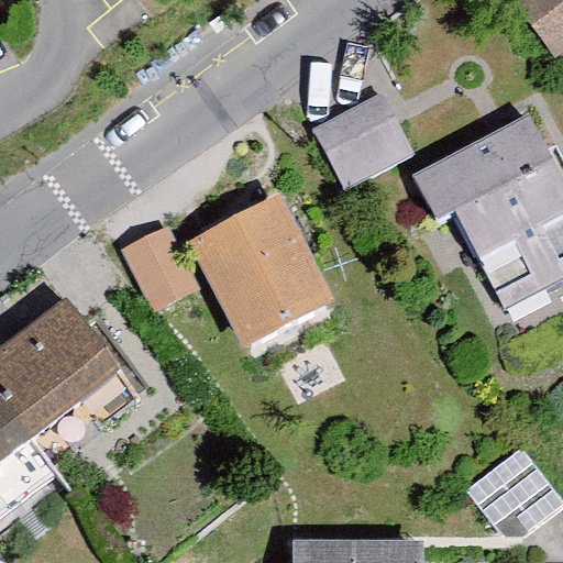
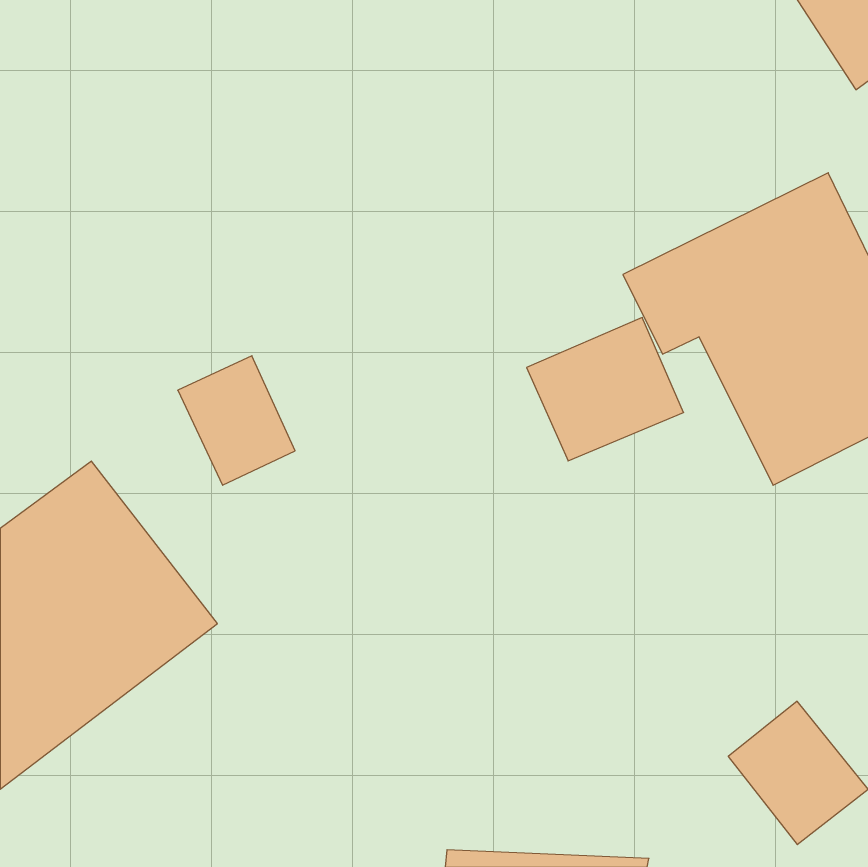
building: [313,95,413,186] -> [527,317,684,461]
building: [184,195,333,351] -> none

